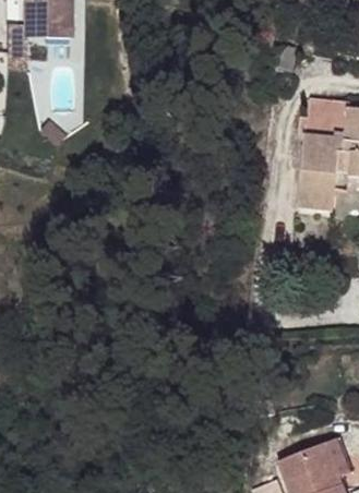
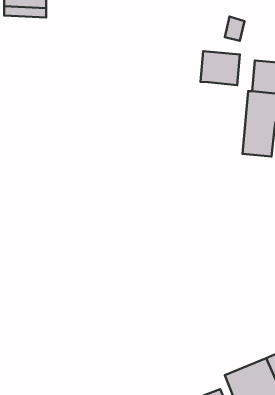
building: none -> [200,51,240,85]

